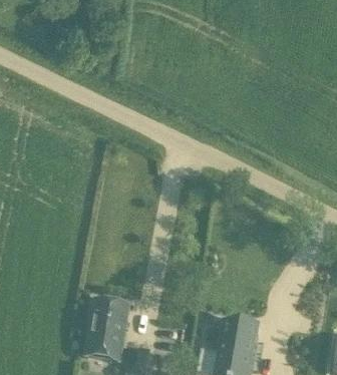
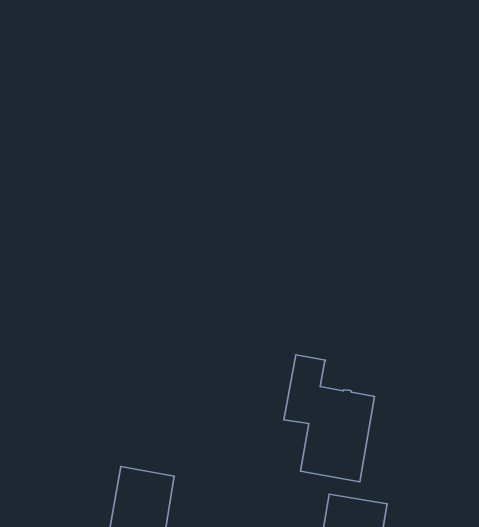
building: none -> [284,355,375,482]

